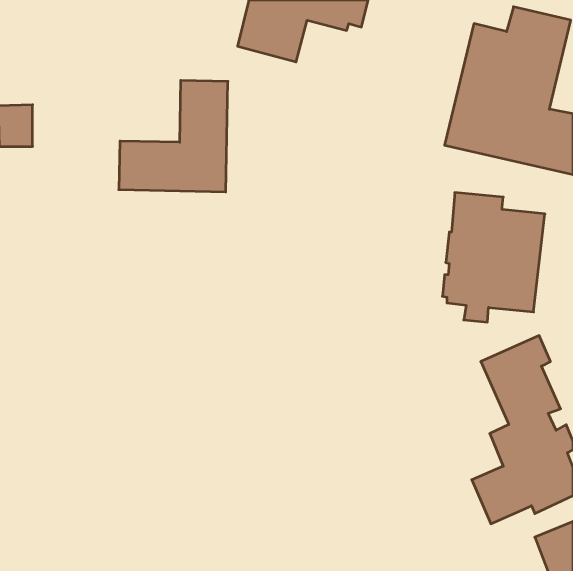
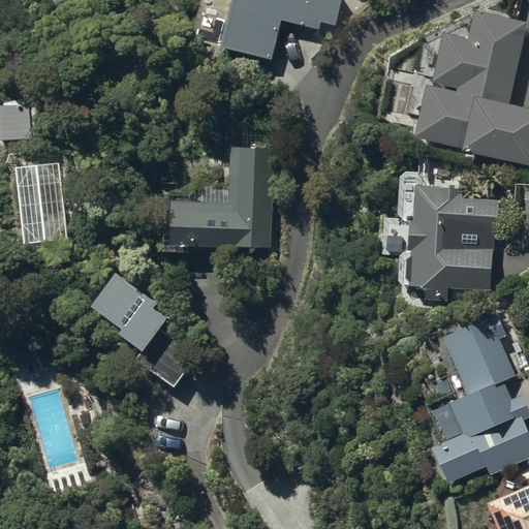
building: [119,80,228,192] -> [173,146,273,248]
building: none -> [15,163,66,242]
building: none -> [94,269,196,383]

